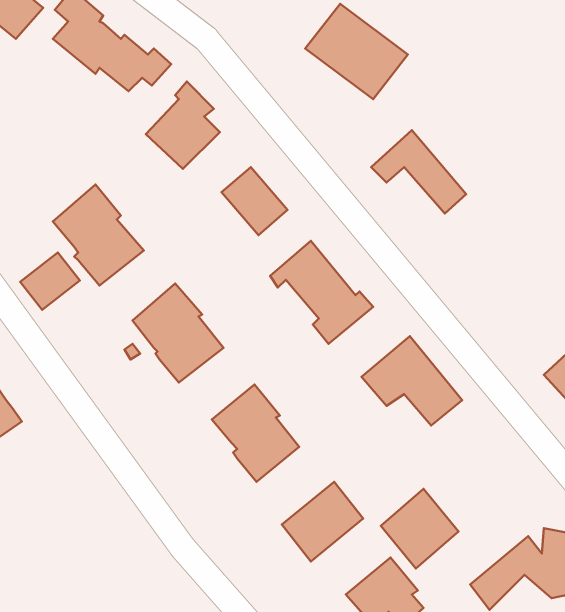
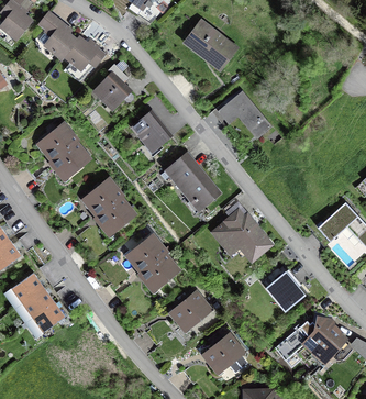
building: [20,252,80,310] -> none
building: none -> [13,276,64,333]
building: [381,489,459,569] -> [265,270,309,315]

